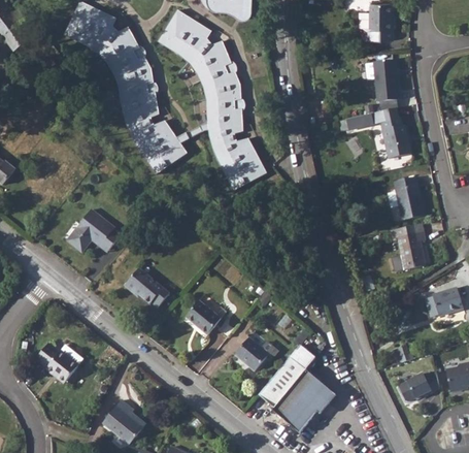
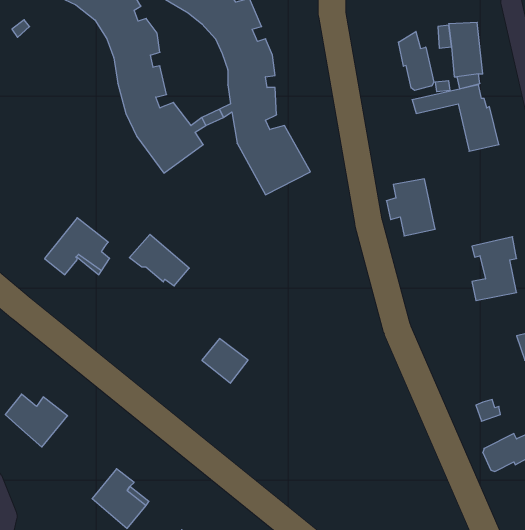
building: none -> [398,31,434,90]
building: [388,176,425,220] -> [386,179,435,236]
building: [124,267,169,306] -> [129,234,189,286]
building: [235,337,276,370] -> none
building: [262,346,338,433] -> none

